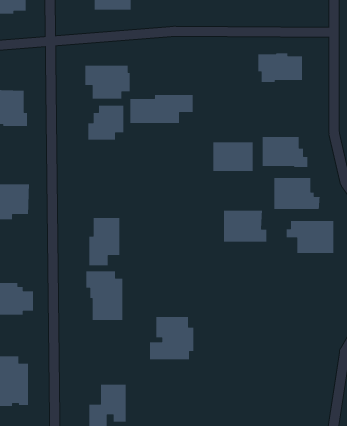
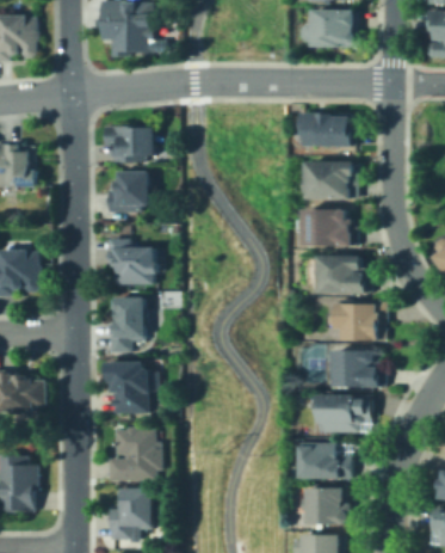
building: [130,94,194,124] -> none
building: [213,142,254,172] -> [311,158,358,192]
building: none -> [107,236,157,284]
building: [223,210,267,242] -> [333,345,383,382]
building: none -> [319,389,370,434]
building: [149,316,194,360] -> [106,430,157,480]
building: none -> [298,442,352,475]
building: none -> [298,485,348,522]

